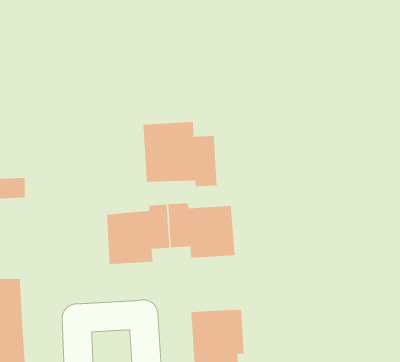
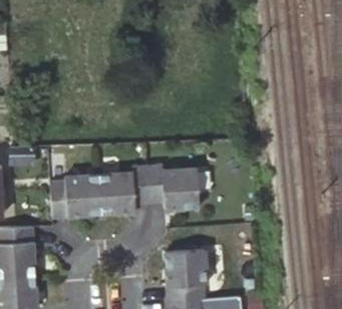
building: [143,121,217,187] -> none
building: none -> [51,176,100,218]

